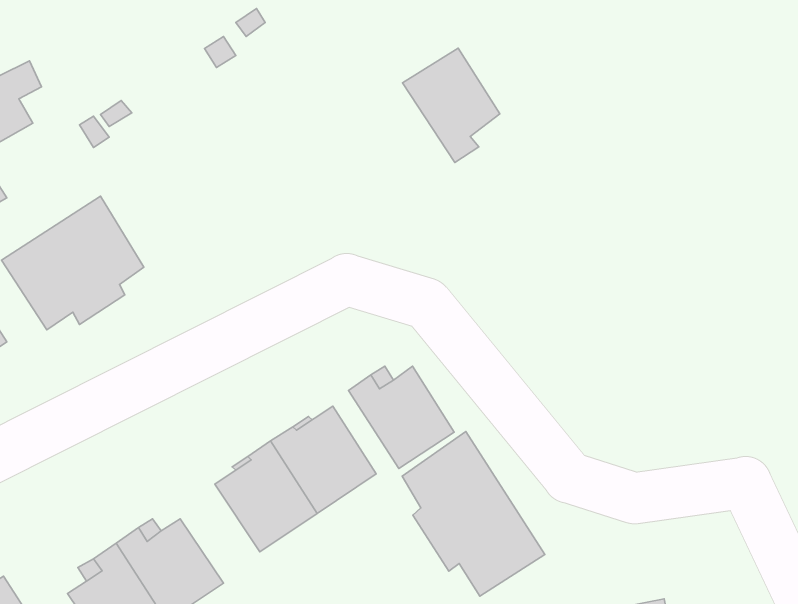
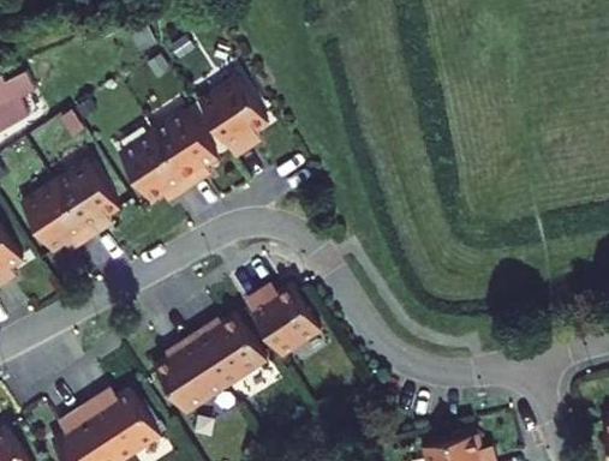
building: [403,48,500,163] -> [187,83,255,162]
building: none -> [108,118,203,206]
building: [402,432,545,596] -> none

